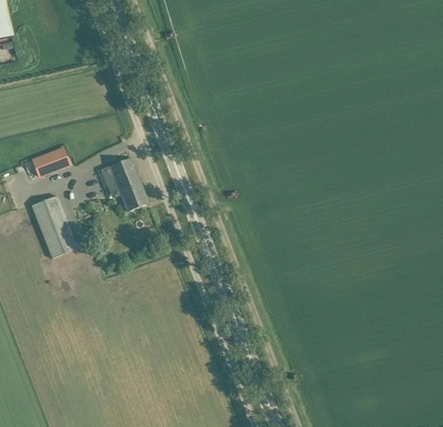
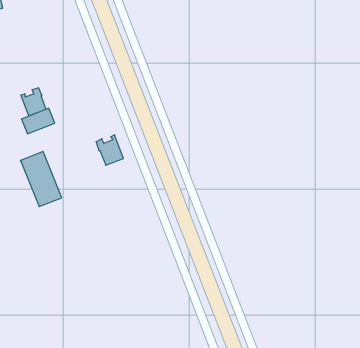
building: none -> [21,88,46,116]
building: [108,159,137,187] -> none

